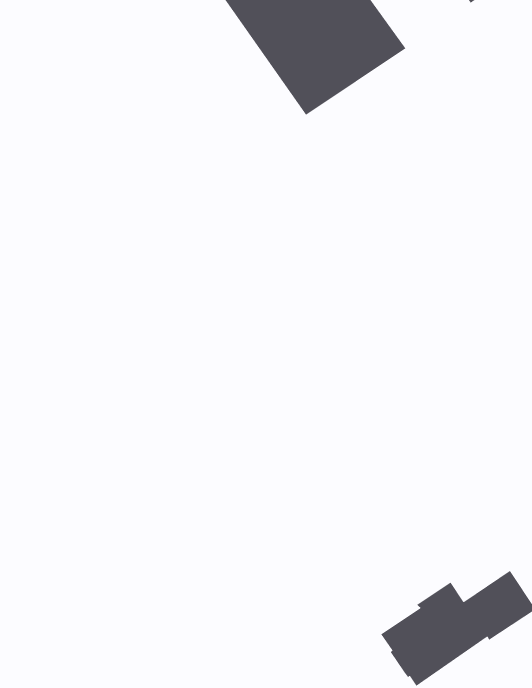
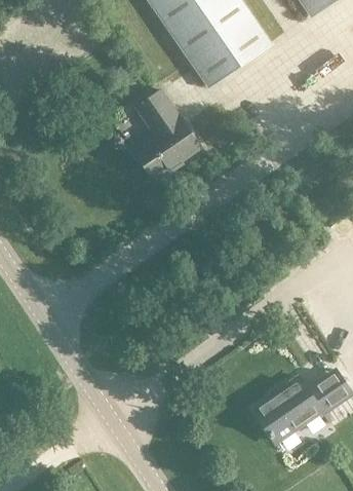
building: none -> [131,89,201,182]

